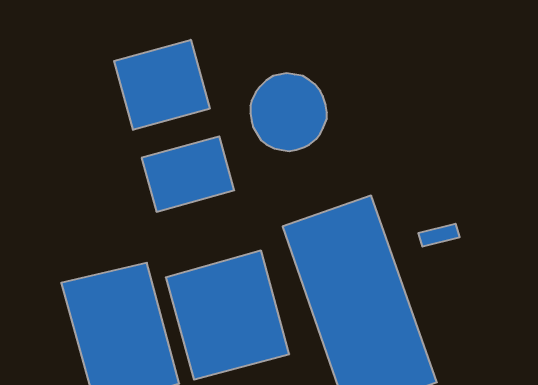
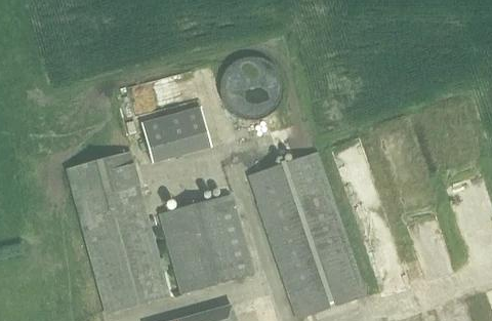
building: [114,40,210,130] -> none
building: none -> [66,150,145,217]

